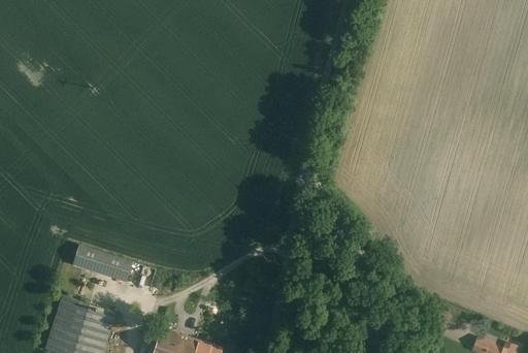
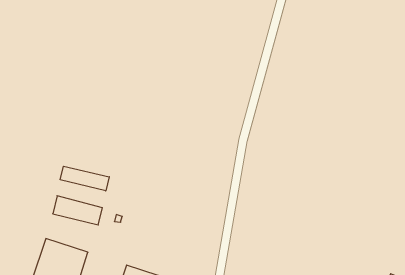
building: none -> [60,166,109,191]

